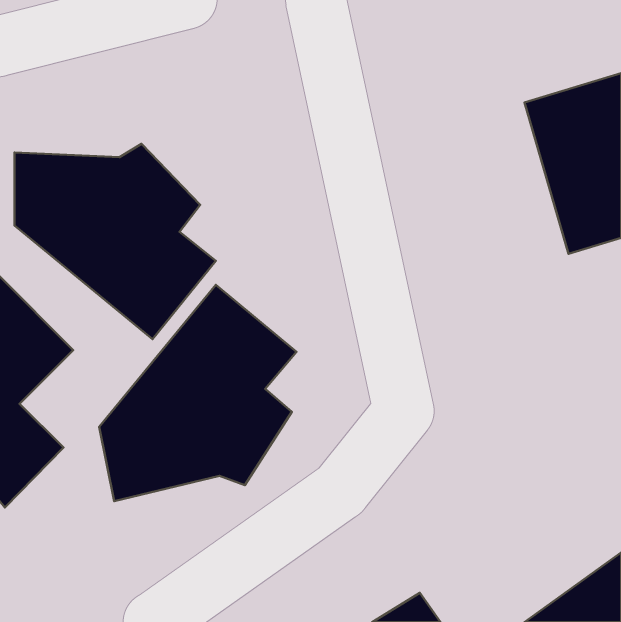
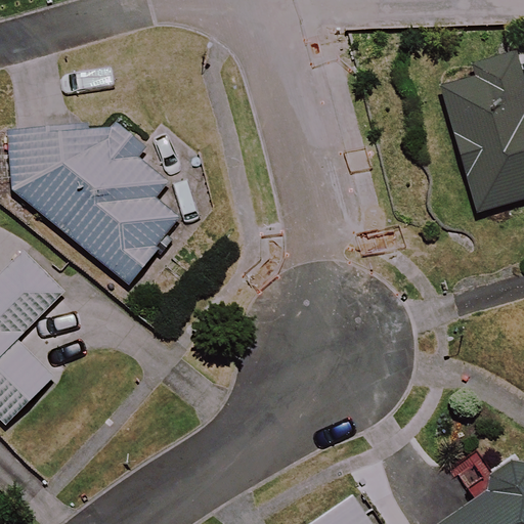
building: [99,285,296,501] -> none

